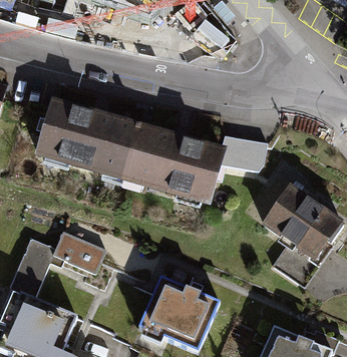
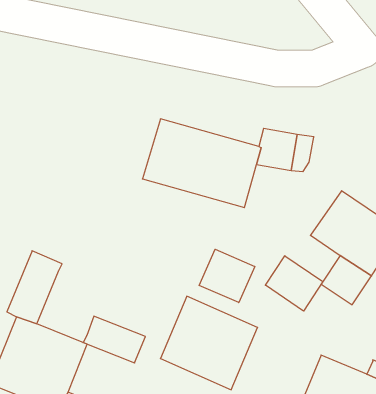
building: [39,101,138,175] -> none
building: [53,231,105,270] -> [83,316,145,363]
building: none -> [199,249,255,303]
building: none -> [265,256,323,311]

